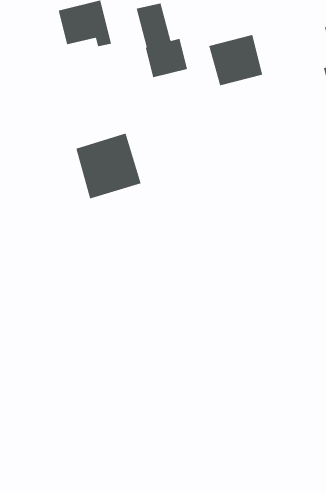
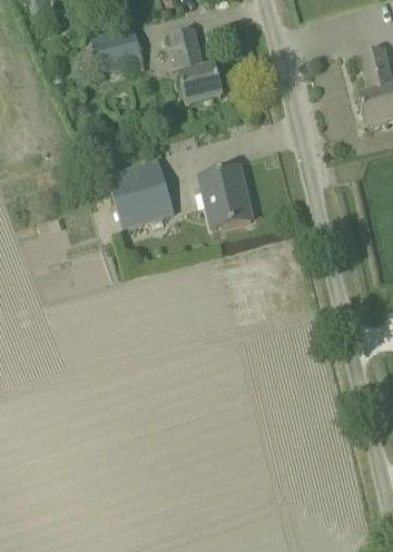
building: [209,34,263,86] -> none
building: none -> [199,166,250,227]

